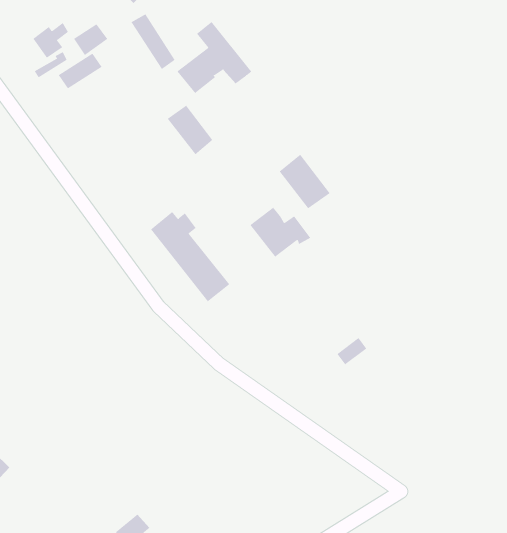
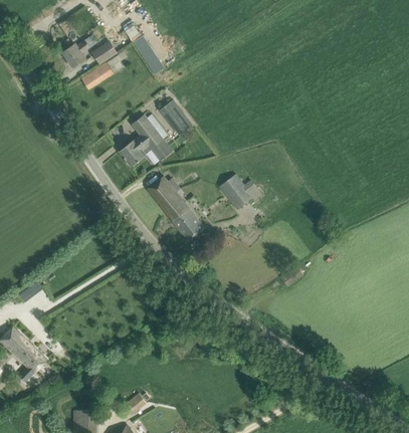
building: [177,21,252,94] -> [118,115,172,167]
building: [279,154,331,209] -> none

